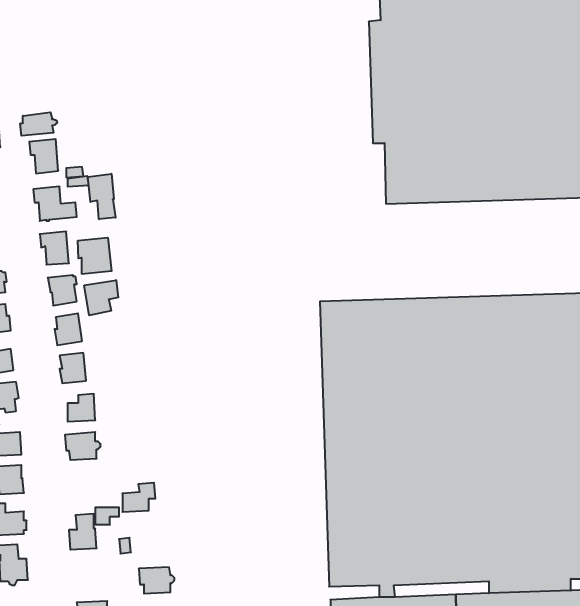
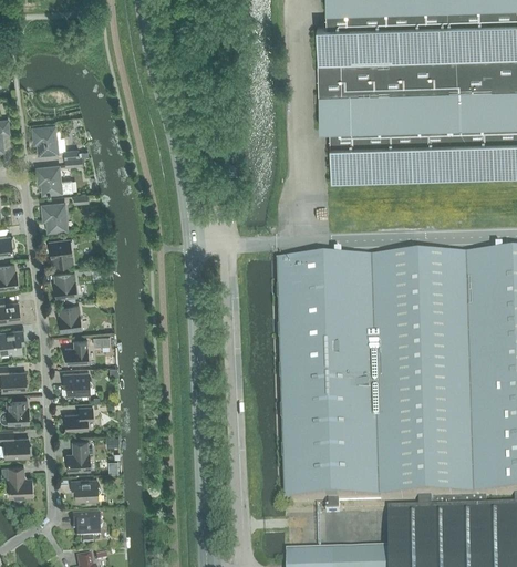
building: [20,112,57,136] -> none
building: [88,174,116,219] -> none
building: [78,238,112,274] -> none
building: [84,280,118,315] -> none
building: [122,483,155,512] -> [64,405,92,430]
building: [139,567,174,594] -> [70,478,100,501]

